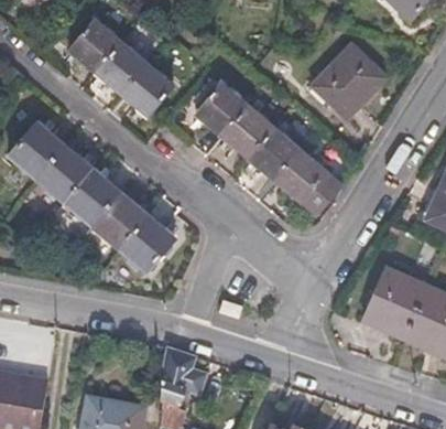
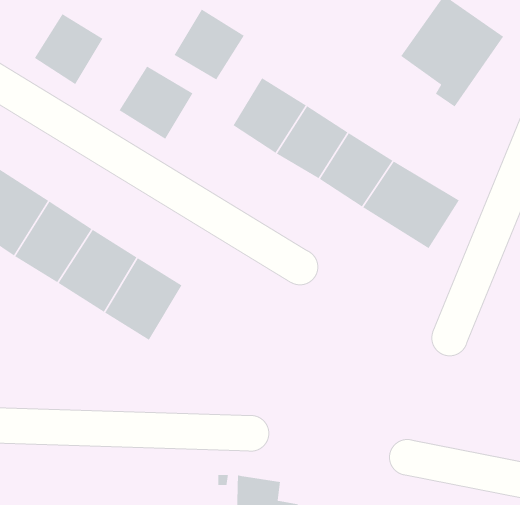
building: [94,42,143,92] -> [174,9,245,80]
building: [119,215,175,272] -> none

